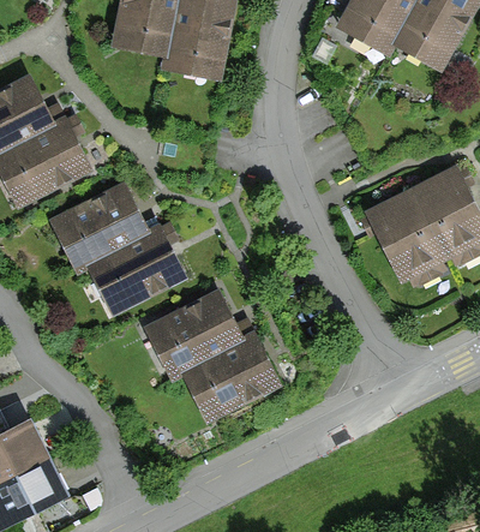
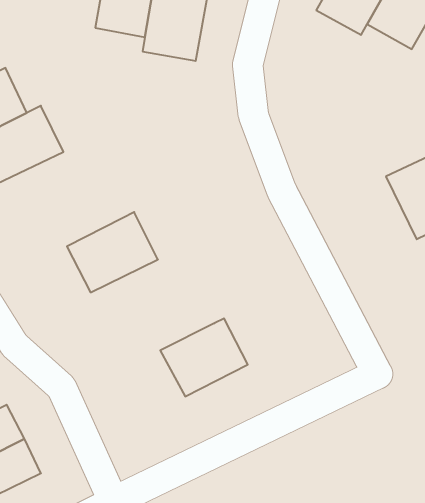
building: [54,187,144,267] -> none
building: [370,191,443,275] -> none
building: [148,293,238,372] -> none

